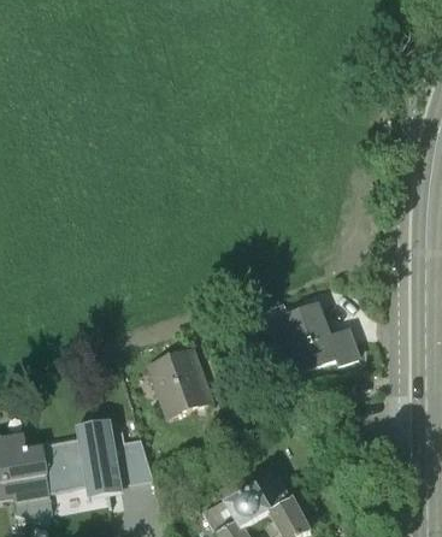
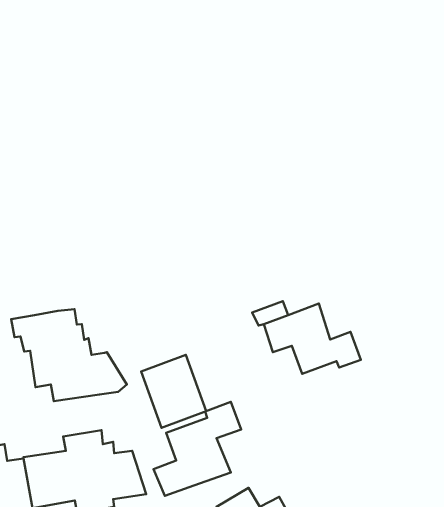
building: none -> [11,309,127,401]
building: none -> [154,402,241,496]

